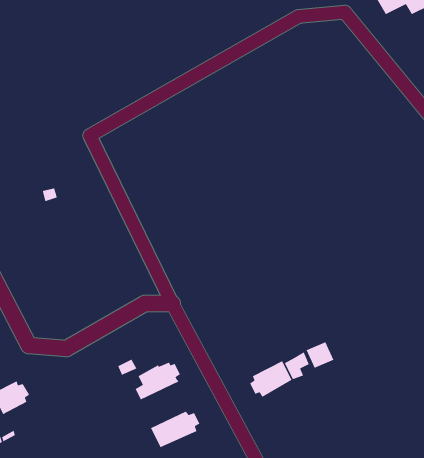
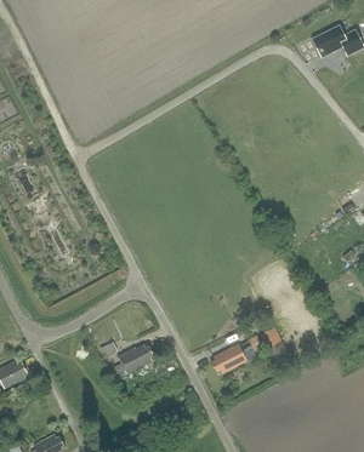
building: [150,411,200,448] -> none

